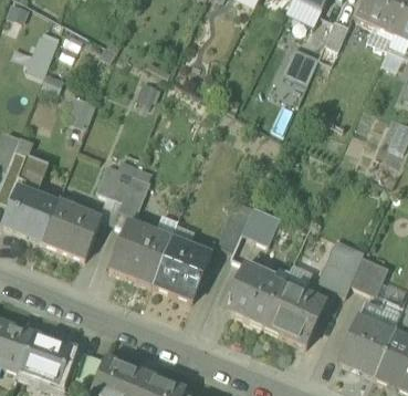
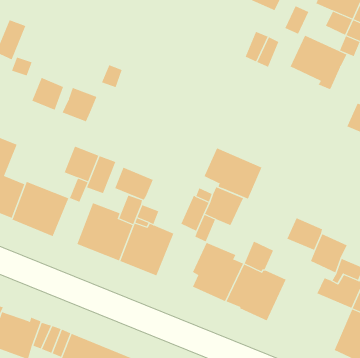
building: none -> [290,35,347,90]
building: none -> [62,87,97,122]
building: none -> [204,148,262,200]
building: none -> [115,167,153,201]
building: [317,259,355,293] -> none
building: [337,314,394,374] -> none

